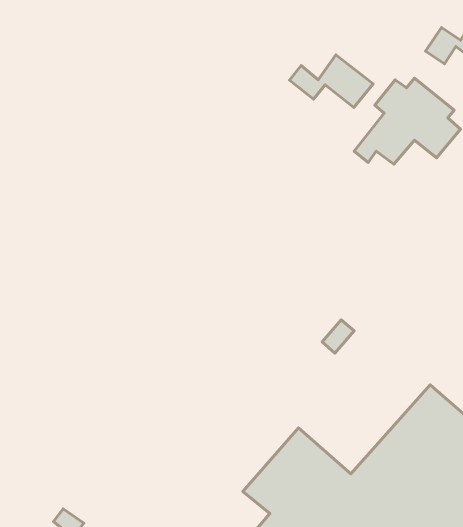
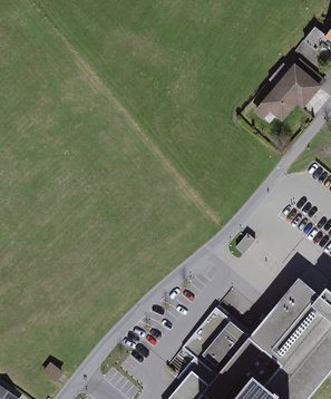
building: [290,55,373,108] -> none

